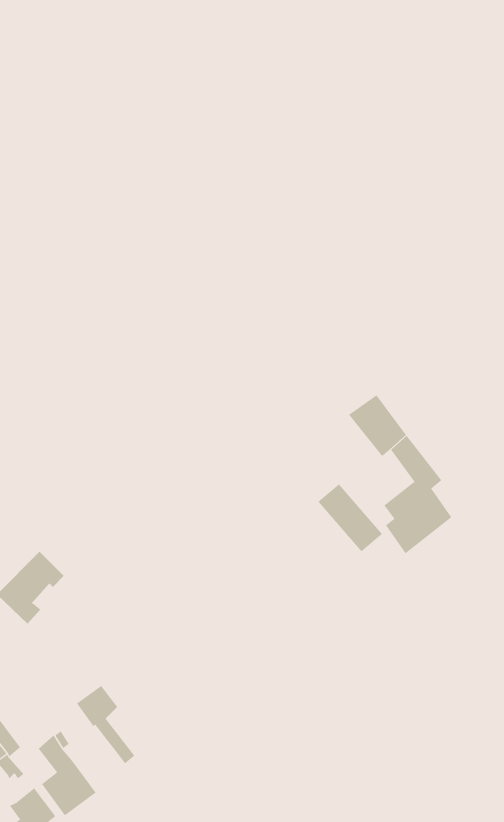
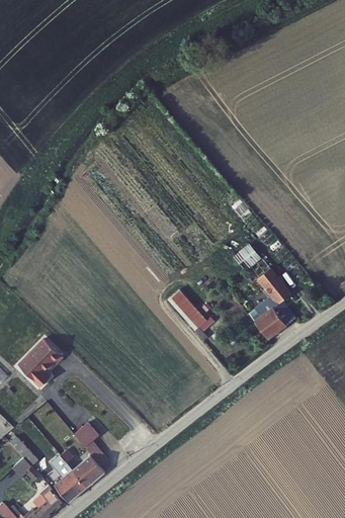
building: [317,483,383,552] -> [167,287,206,329]
building: none -> [69,455,101,488]

